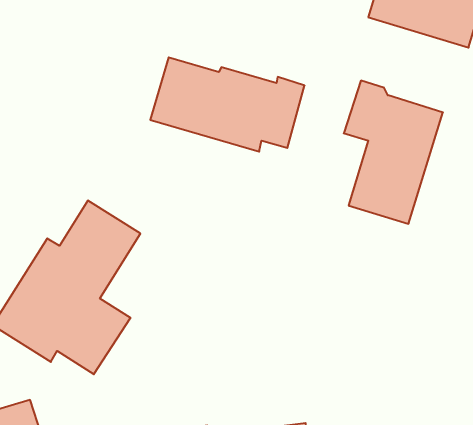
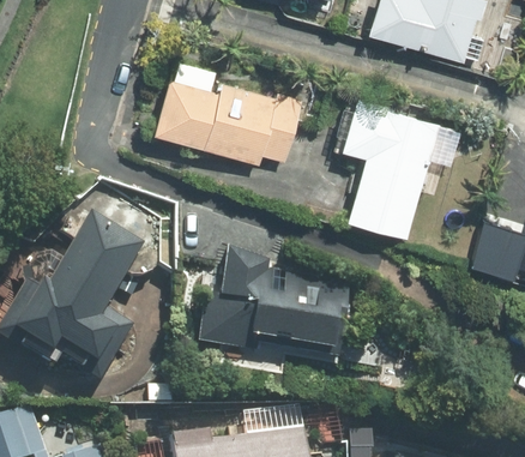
building: none -> [199,248,354,373]

